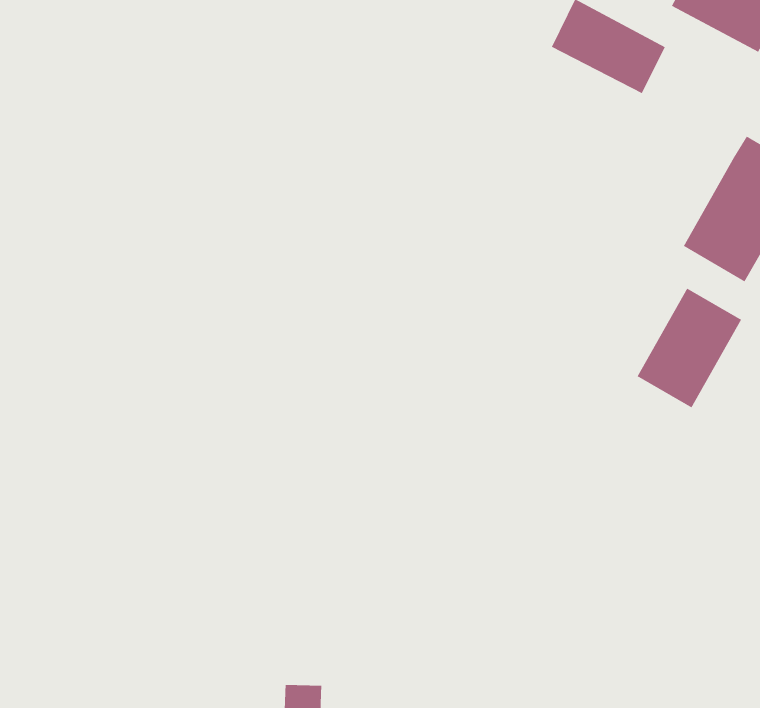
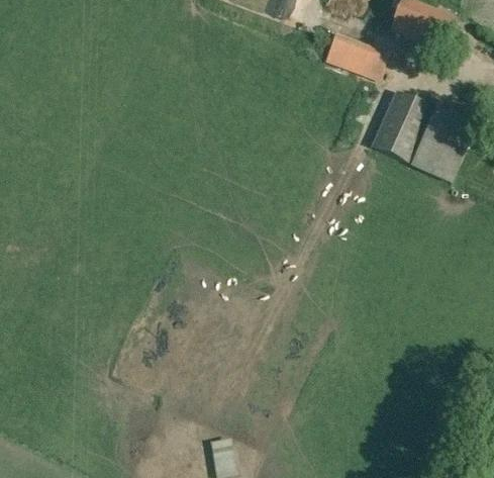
building: [637,288,742,408] -> [373,93,428,161]

